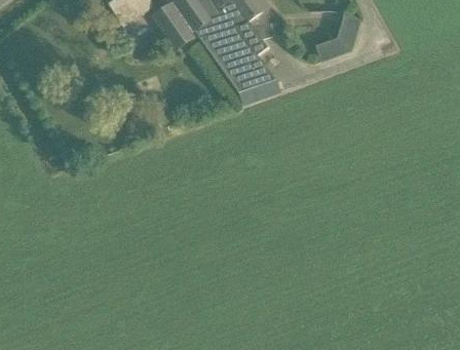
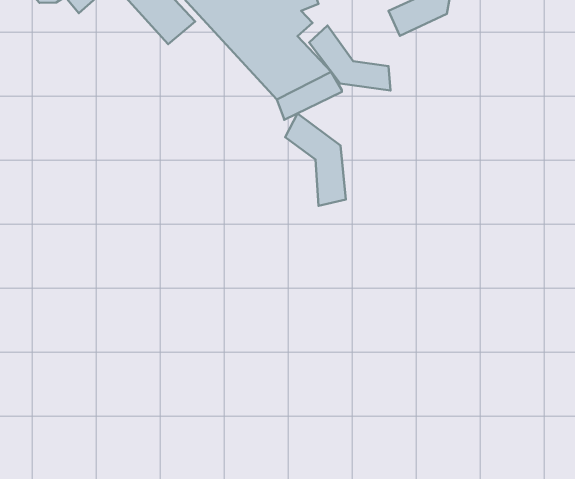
building: none -> [309,25,391,91]
building: none -> [285,113,346,206]

